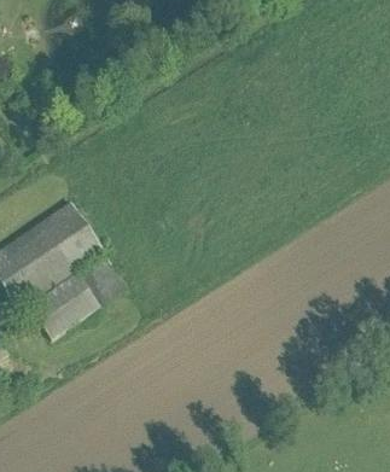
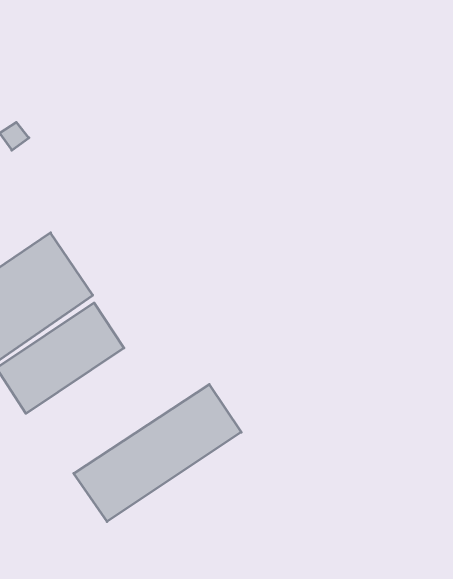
building: none -> [74,384,241,522]

